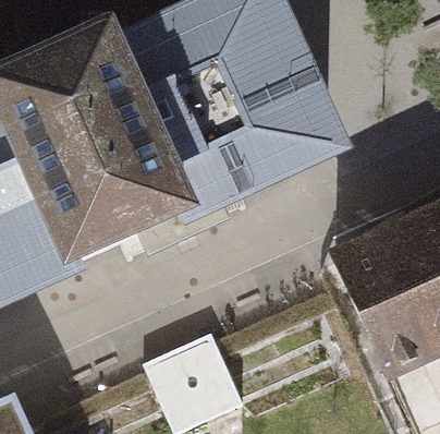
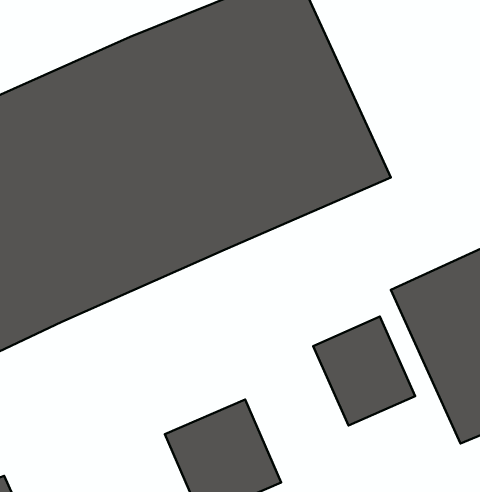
building: none -> [313,317,415,426]

